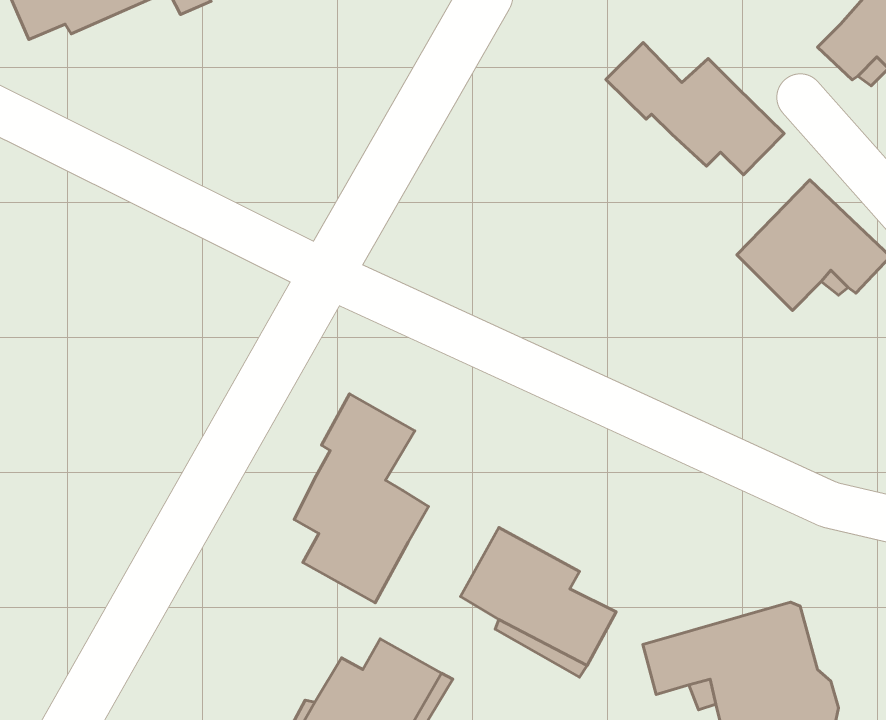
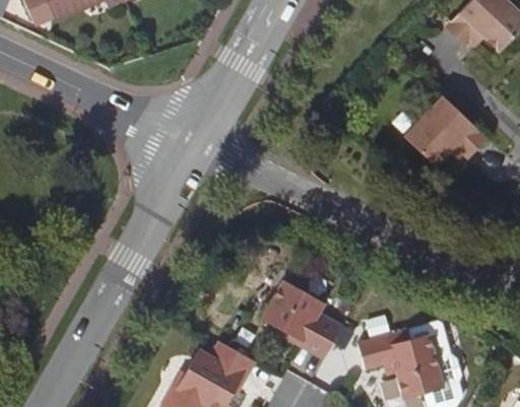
building: [606,43,784,175] -> none
building: [294,394,429,603] -> none

